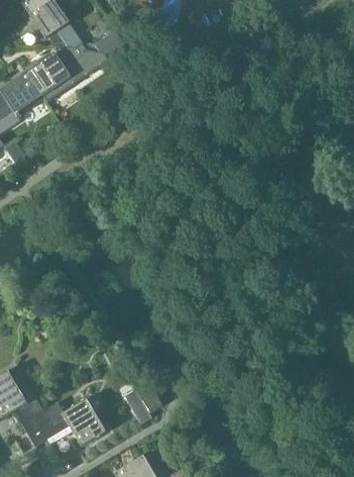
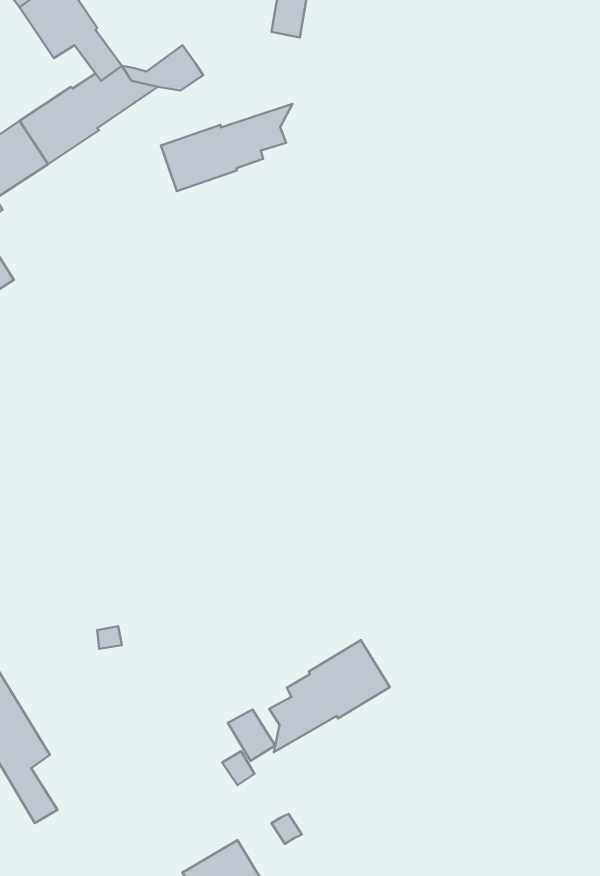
building: none -> [161,104,293,191]
building: none -> [269,640,390,752]
building: [33,398,106,446] -> none

